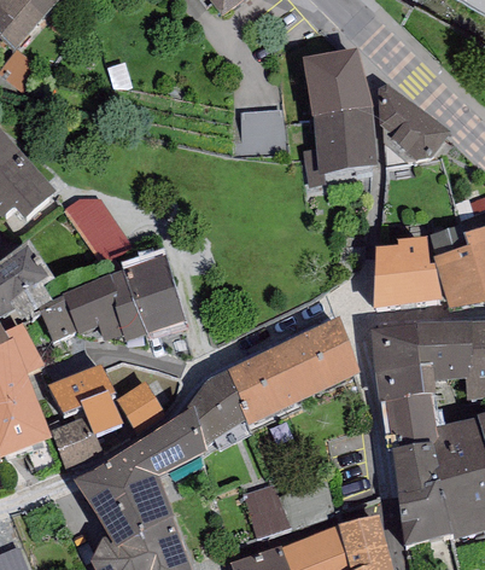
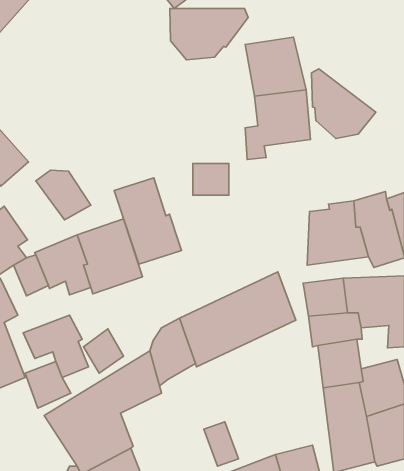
building: none -> [170,9,248,60]
building: [249,112,290,149] -> [193,164,229,195]
building: none -> [114,178,181,264]

